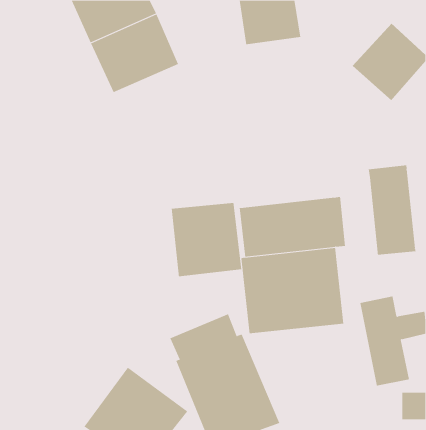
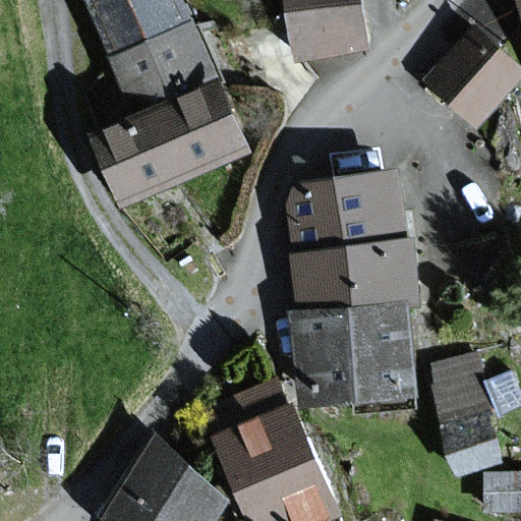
building: none -> [92,78,247,204]
building: none -> [287,172,404,251]
building: [368,164,416,256] -> none
building: [171,202,242,277] -> none

